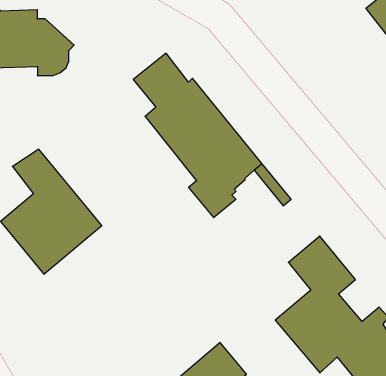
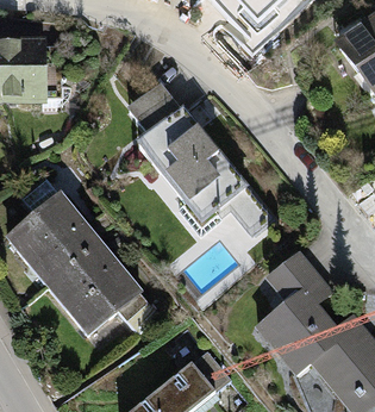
building: none -> [48,242,158,332]

